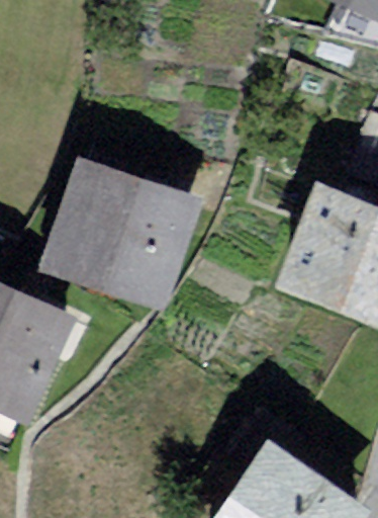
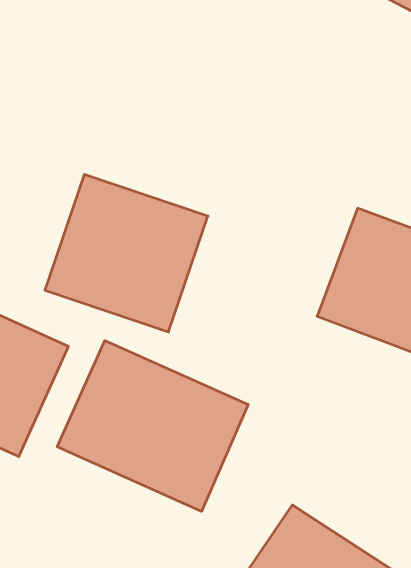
building: none -> [57,341,248,511]

